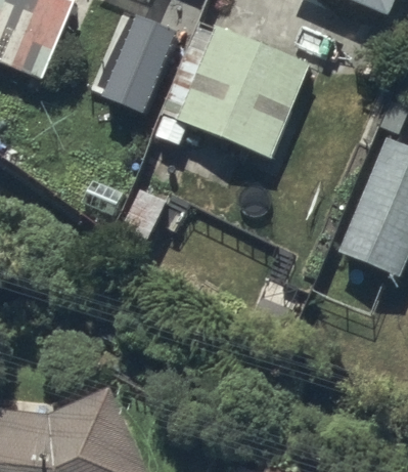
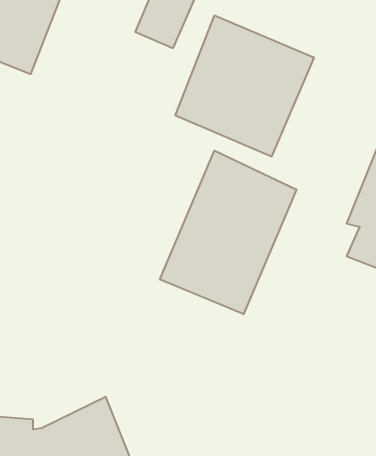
building: none -> [160,151,296,314]

